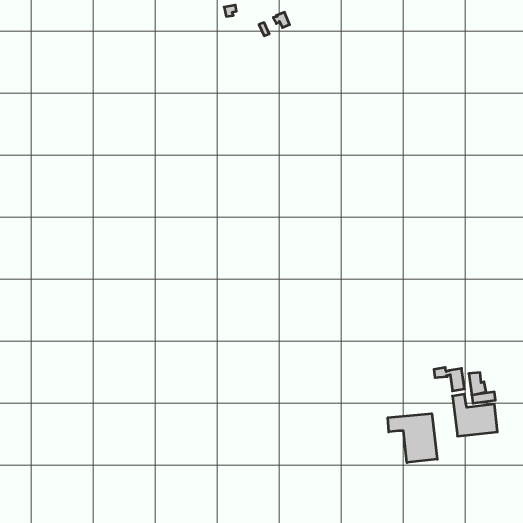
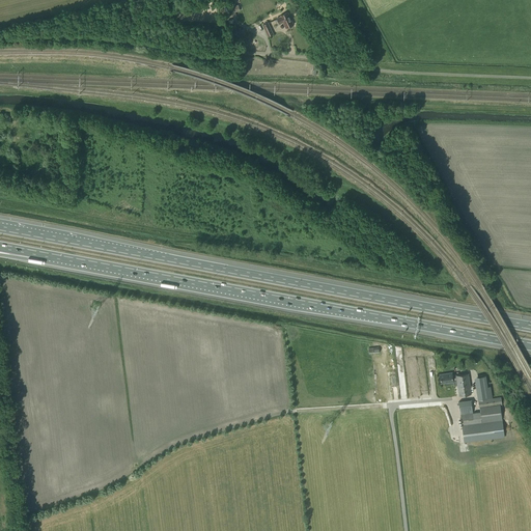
building: [388,414,437,463] -> none

